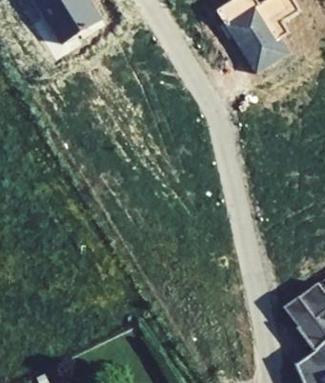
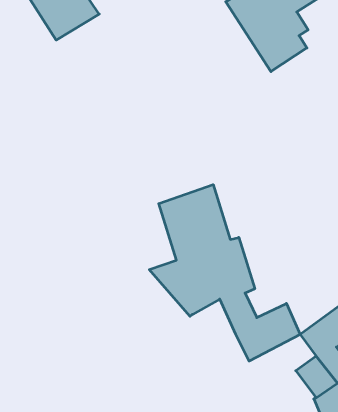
building: none -> [149,185,300,361]

